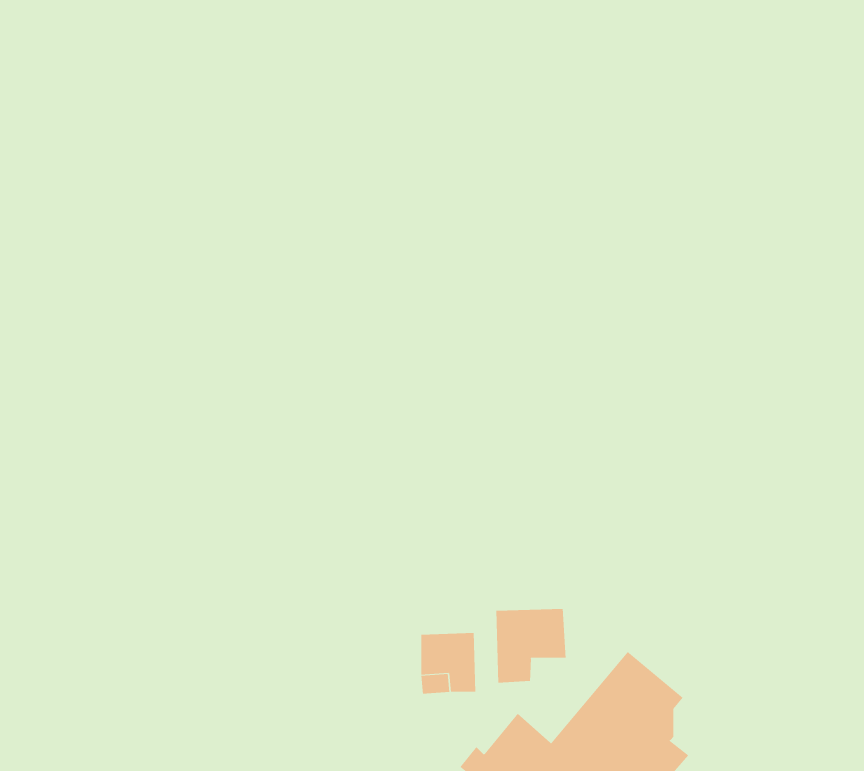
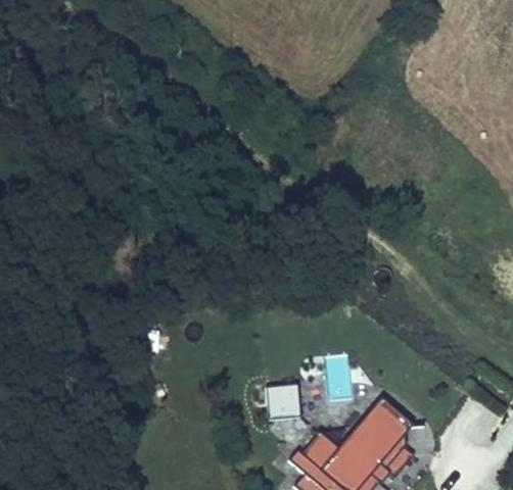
building: [496,608,566,683] -> none

